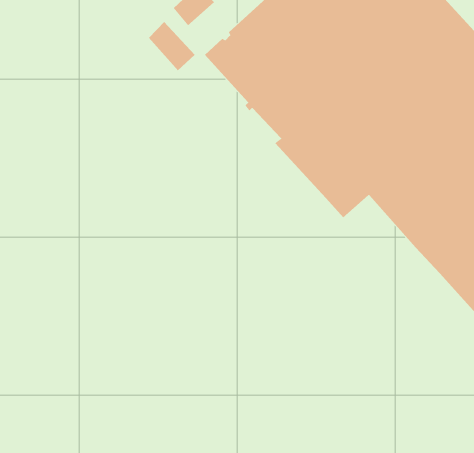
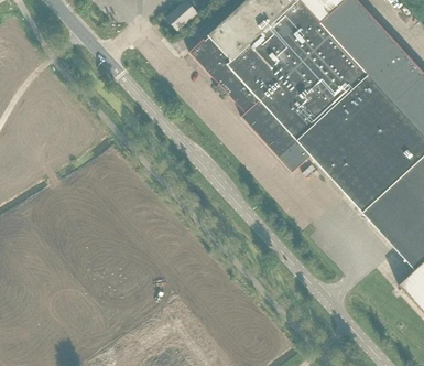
building: [148,21,196,71] -> none

